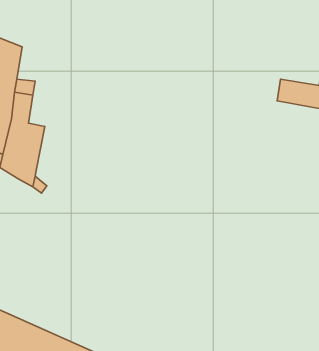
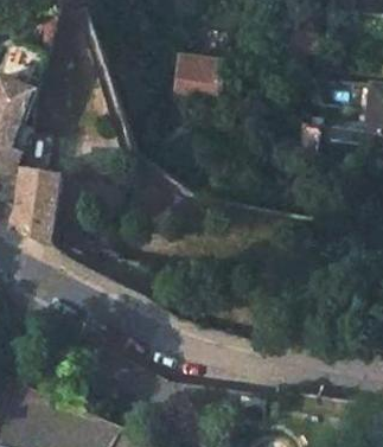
building: none -> [179,53,222,108]

